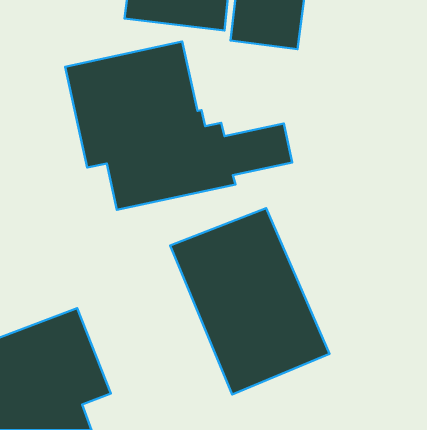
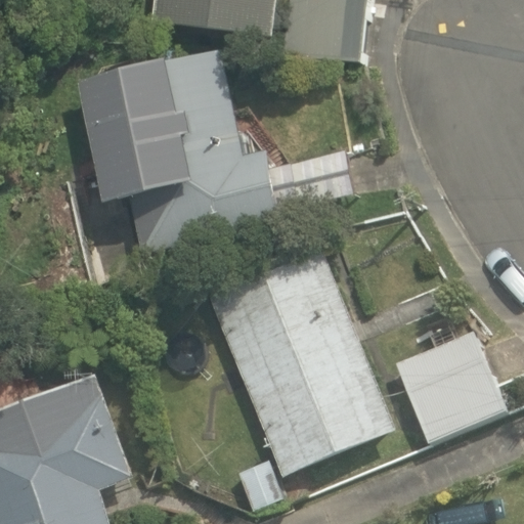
building: none -> [391,329,507,446]

